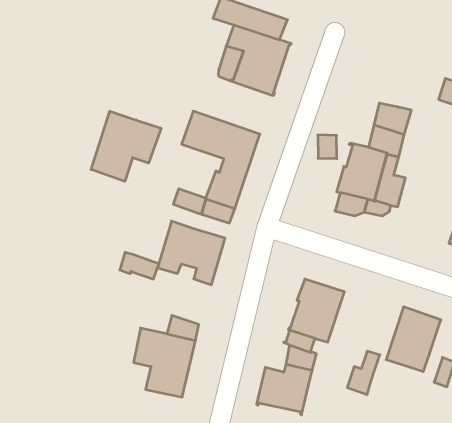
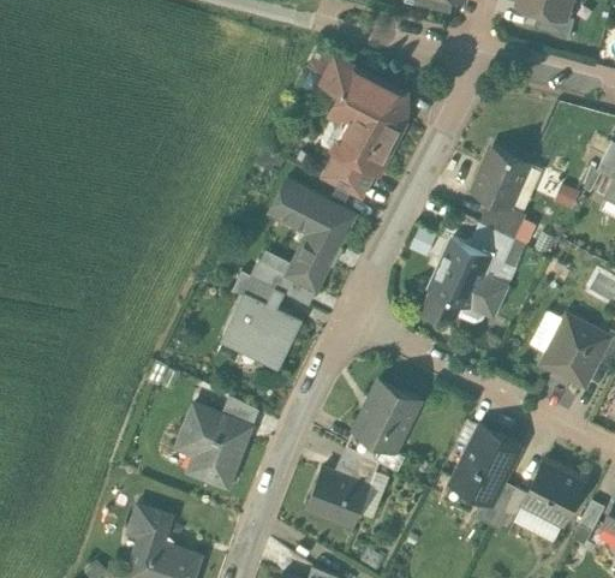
building: none -> [472,148,529,208]
building: none -> [320,151,376,201]
building: [91,111,161,181] -> none
building: [120,252,159,279] -> [233,272,276,305]
building: [347,351,380,394] -> [474,481,515,528]

